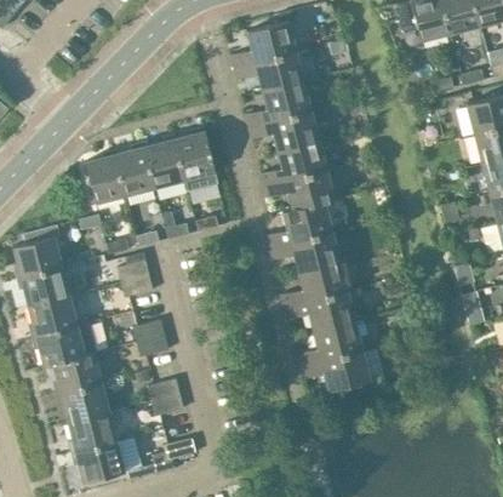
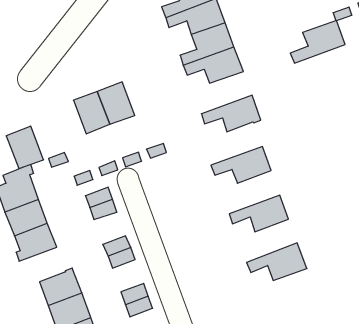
building: [175,126,218,192] -> none
building: [261,141,326,185] -> [290,21,345,63]
building: [85,154,126,202] -> [6,126,44,169]
building: [267,201,332,247] -> none
building: [281,261,347,307] -> none
building: [297,318,368,366] -> none
building: [32,322,97,366] -> none

